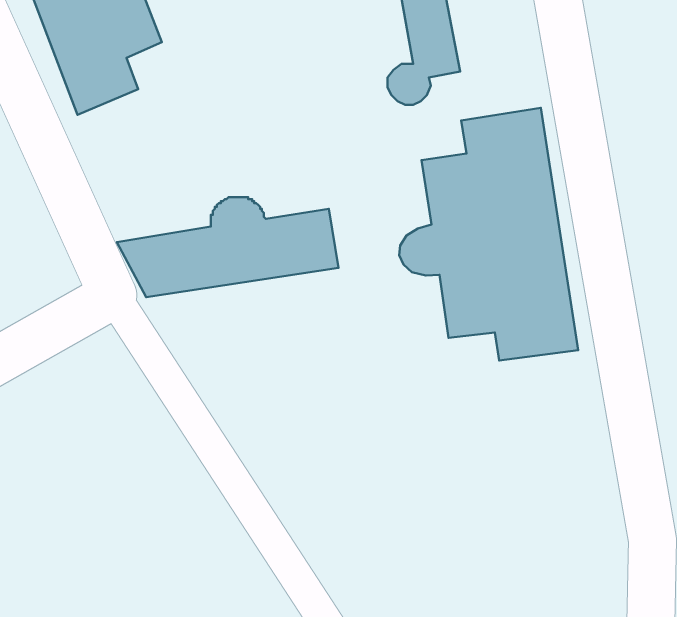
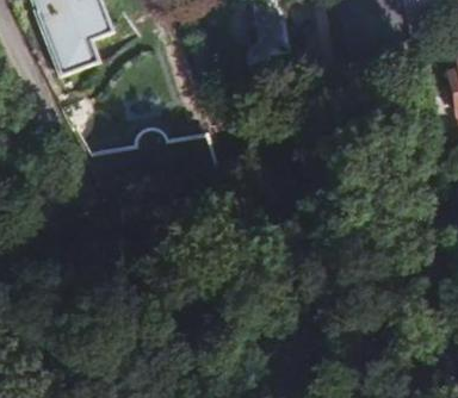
building: [399,108,578,360] -> none

